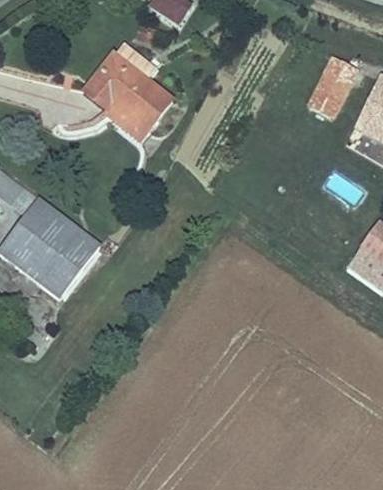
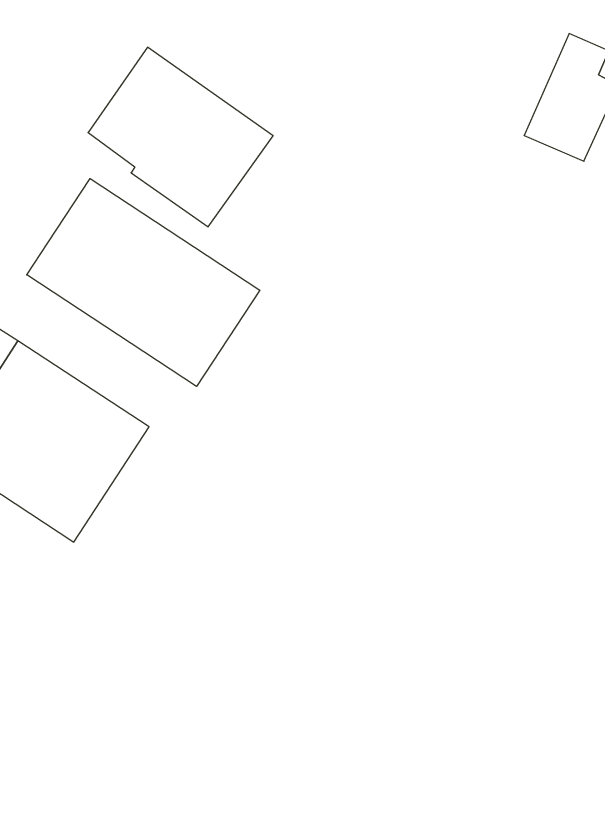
building: none -> [27,179,260,386]

